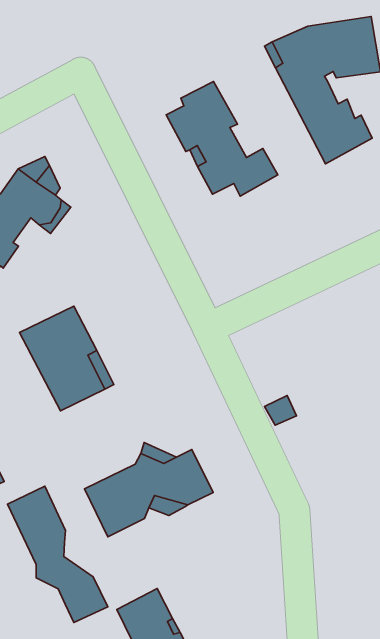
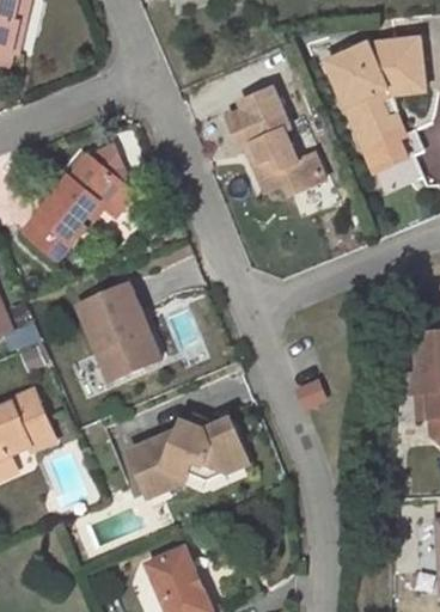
building: [7,486,108,622] -> none

